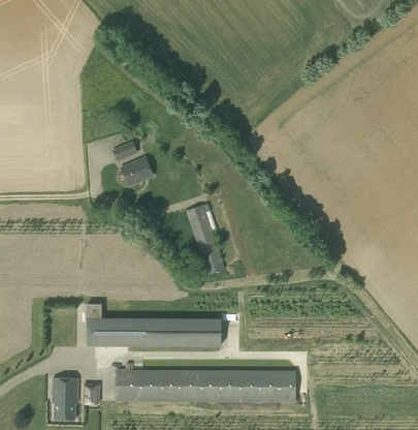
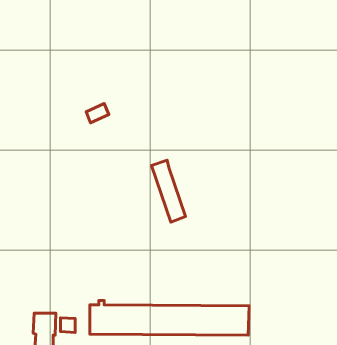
building: [120,157,153,186] -> none
building: [86,303,221,346] -> none

